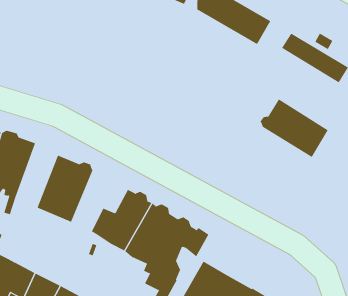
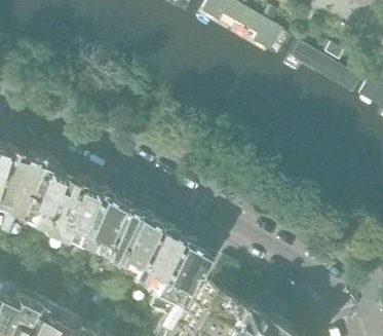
building: [259,99,328,158] -> none
building: none -> [21,163,64,228]
building: none -> [78,190,137,256]

